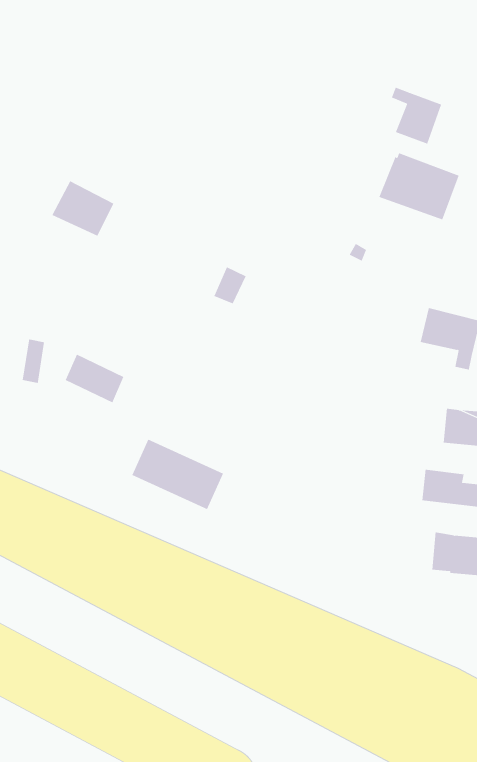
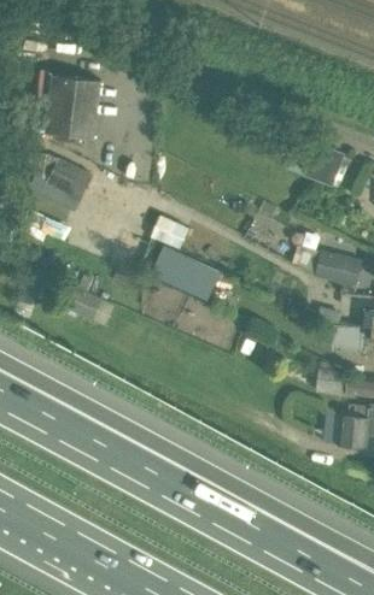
building: none -> [45,76,99,139]
building: [391,87,442,145] -> none
building: [131,439,224,510] -> [151,248,218,300]

